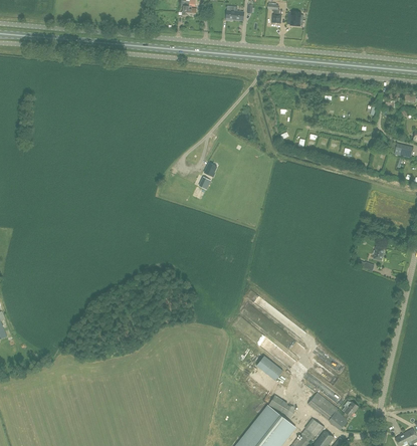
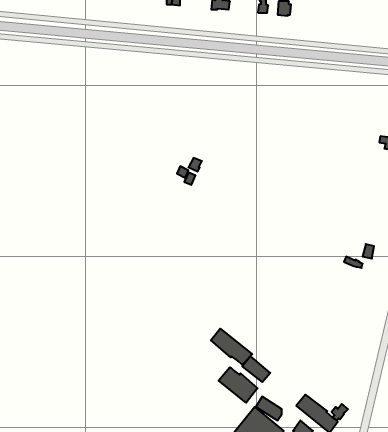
building: none -> [211,329,252,365]
building: none -> [219,367,258,403]

